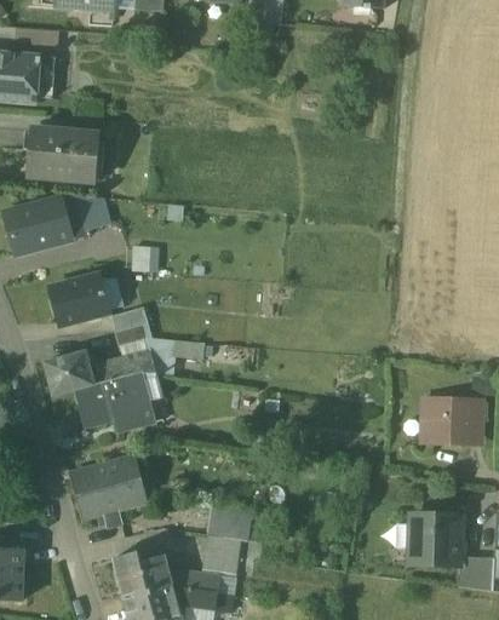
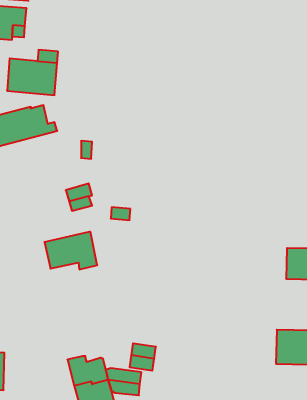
building: [50,280,110,326] -> none
building: [46,355,159,395] -> none
building: [73,455,145,524] -> none
building: [206,503,251,539] -> none

